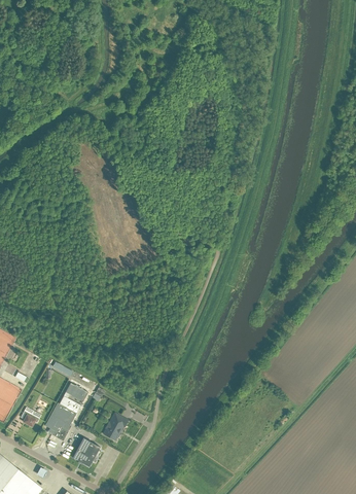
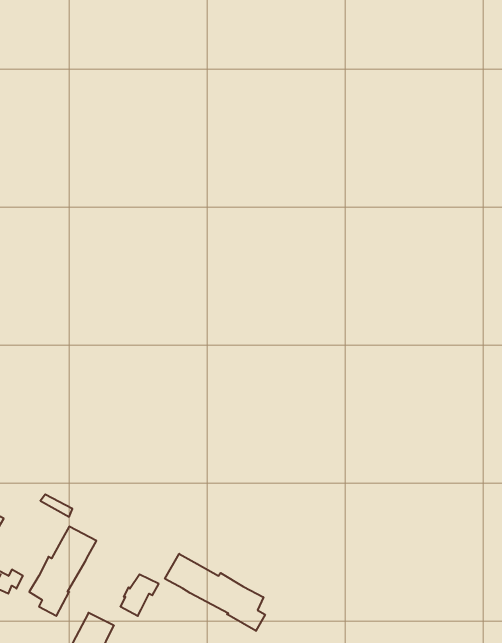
building: none -> [165,554,265,631]

